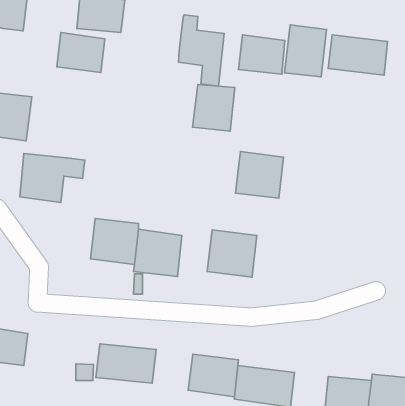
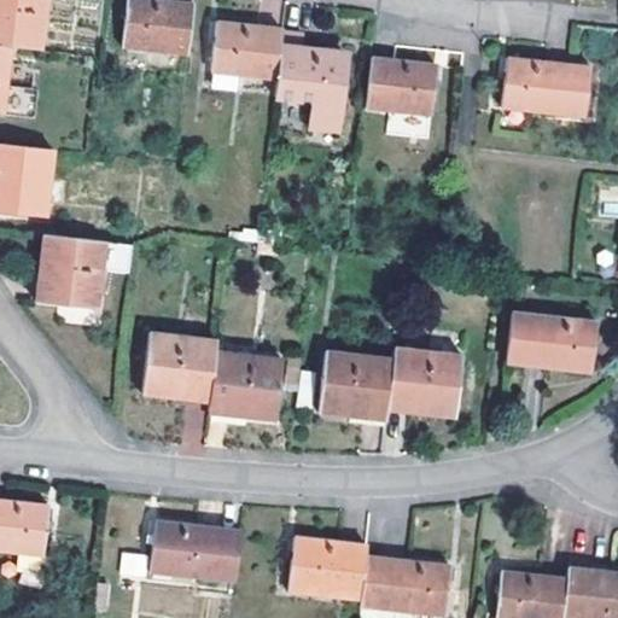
building: [285,25,326,77] -> none
building: [57,32,105,73] -> [210,21,282,81]
building: [193,85,235,131] -> none
building: [236,152,284,198] -> [387,348,460,418]
building: none -> [507,313,595,372]

